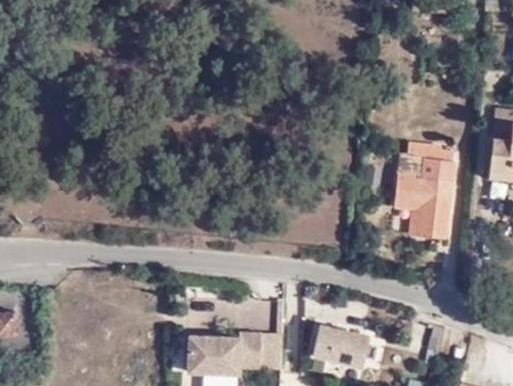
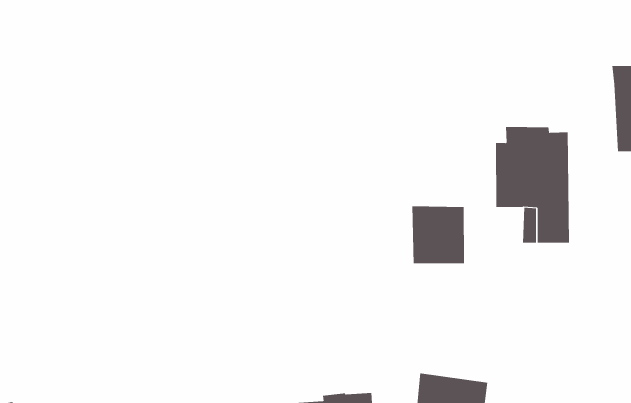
building: none -> [412,206,464,264]

